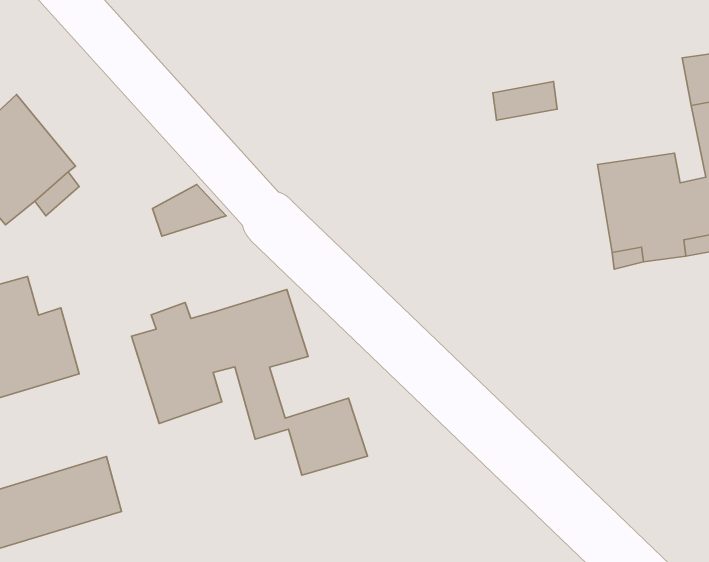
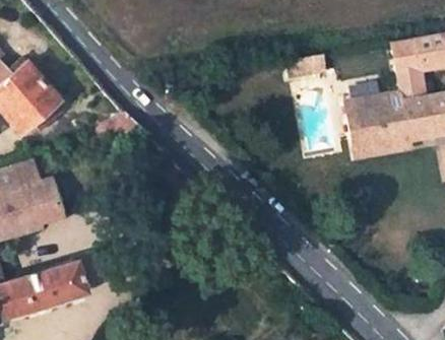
building: [132,289,367,475] -> none

